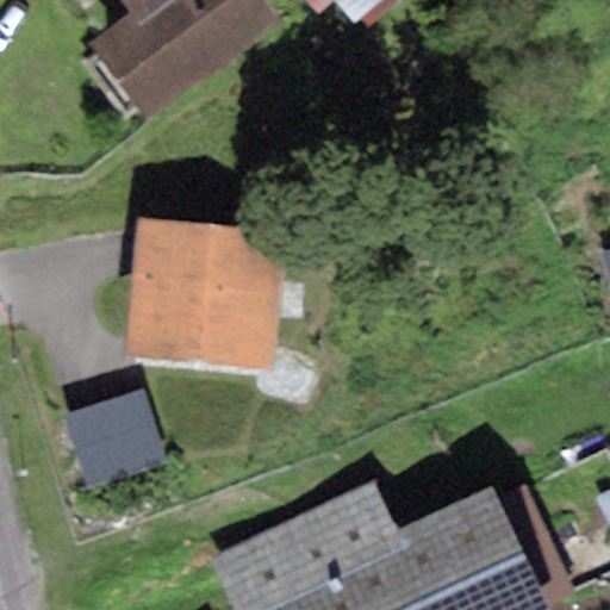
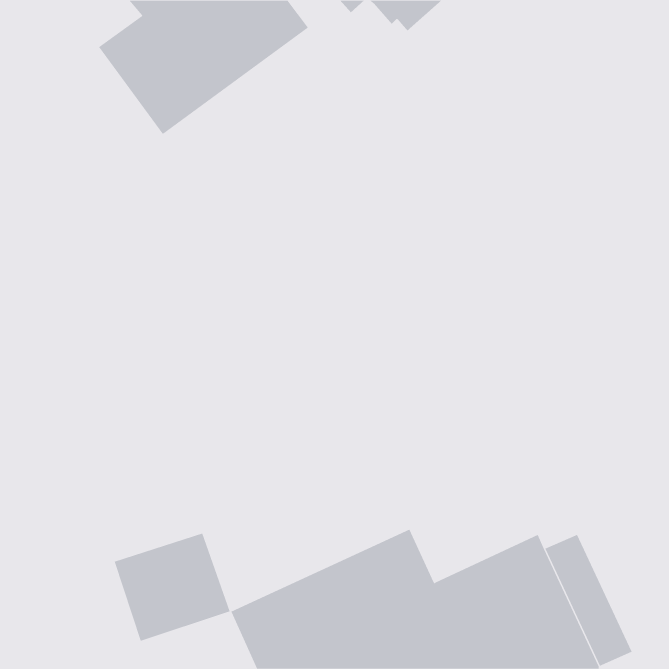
building: [122,218,281,372] -> none
building: [61,391,167,490] -> [114,533,230,642]

